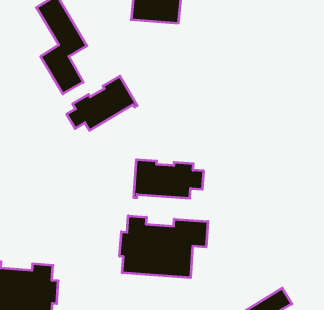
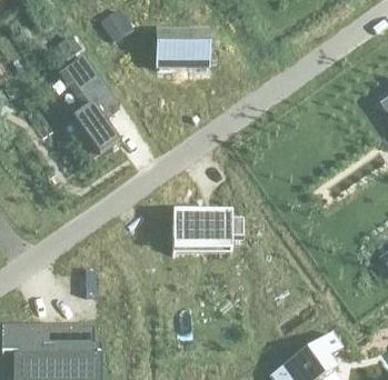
building: [67,76,137,130] -> none
building: [120,216,208,278] -> none

